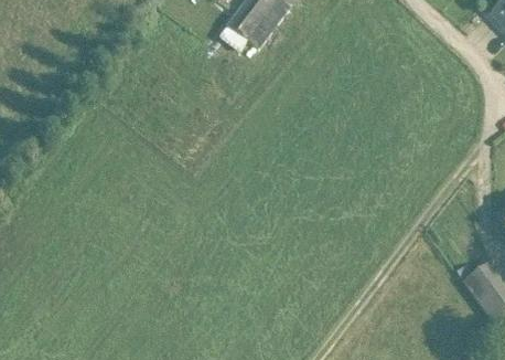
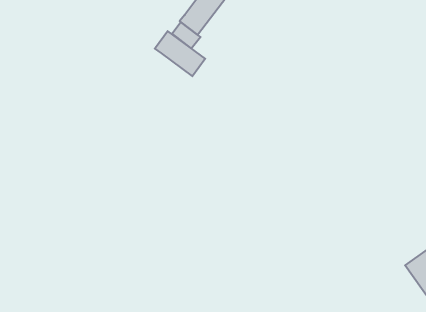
building: none -> [155,31,205,76]

